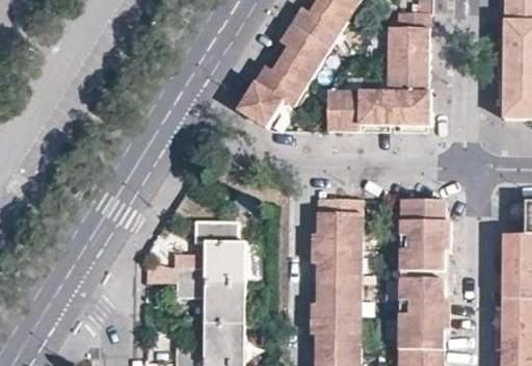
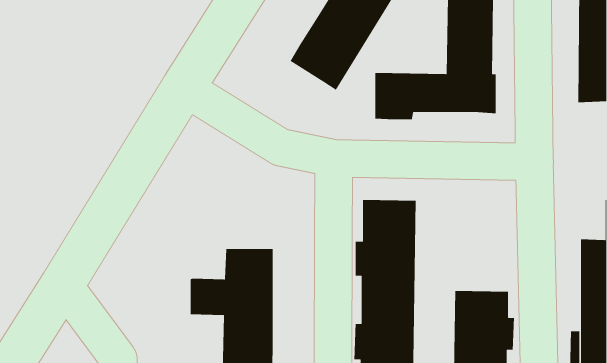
building: [239,82,286,129] -> none
building: [397,197,448,269] -> none

